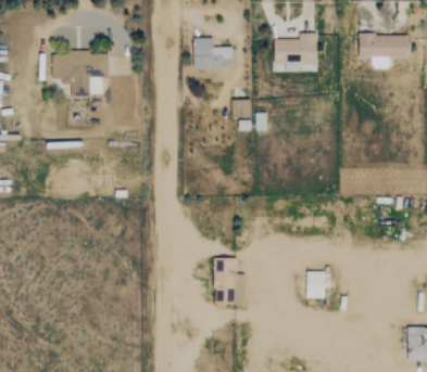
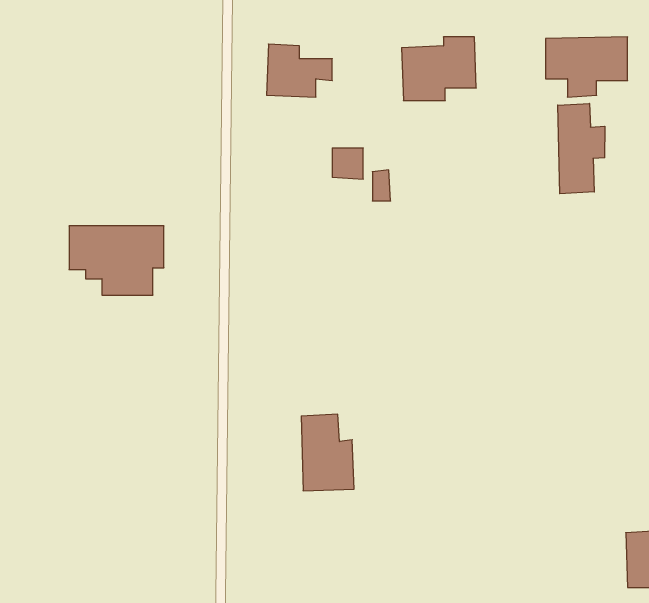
building: [51,53,108,94] -> [69,226,164,295]
building: none -> [558,103,605,194]
building: [305,272,324,298] -> none

